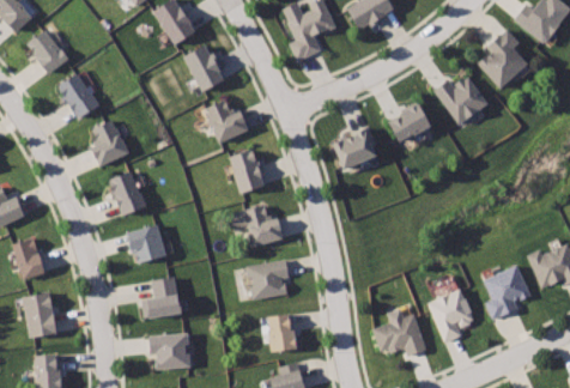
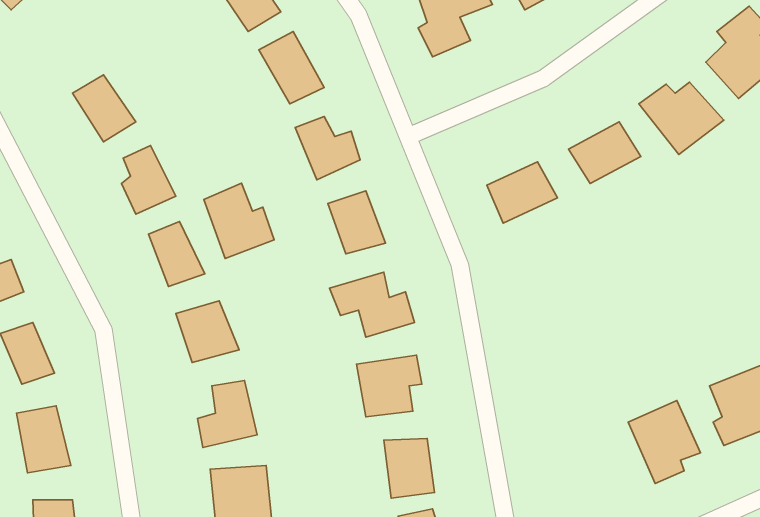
building: [29,30,69,71] -> none
building: none -> [204,183,274,258]
building: [371,313,428,356] -> none

